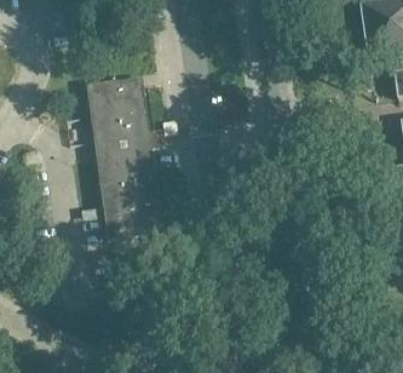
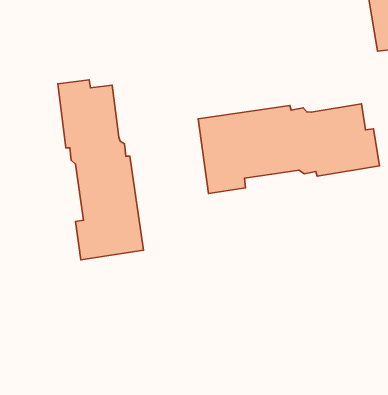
building: none -> [198,104,379,193]

